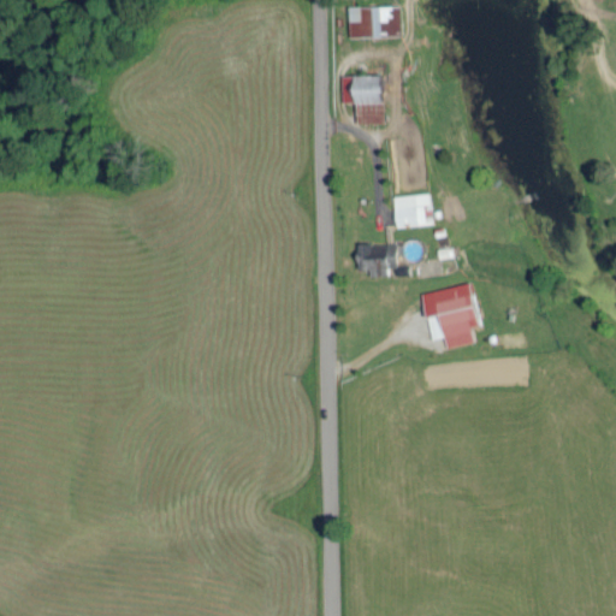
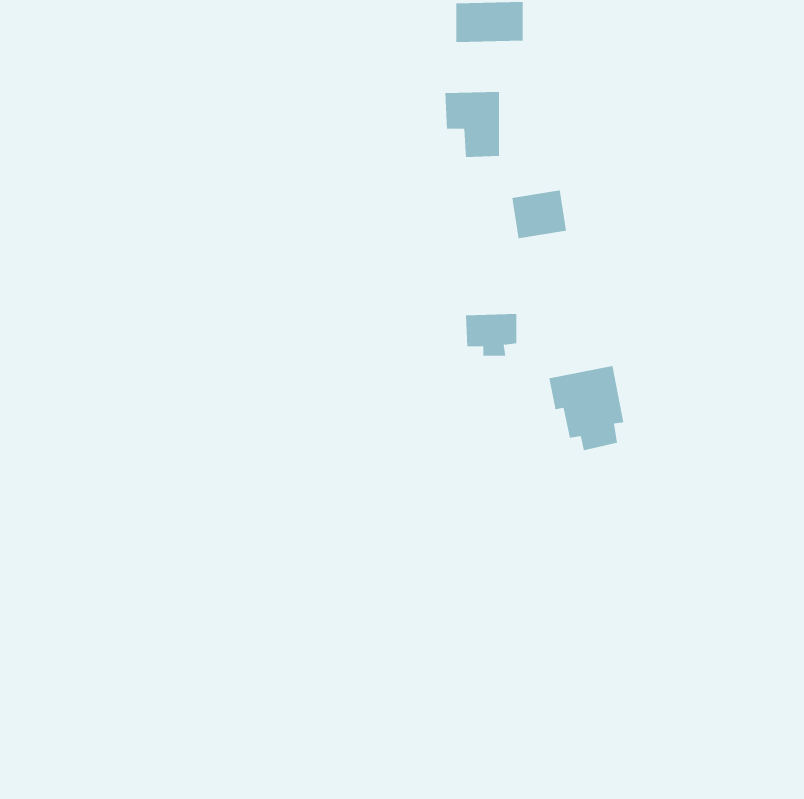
building: [392,192,434,230] -> [512,190,567,239]

